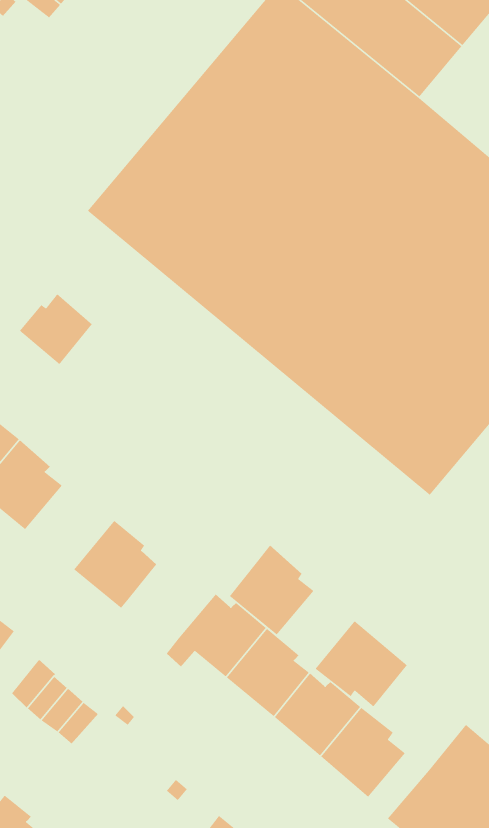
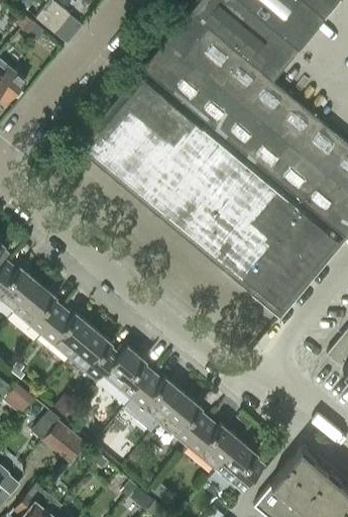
building: [19,293,93,365] -> none
building: none -> [41,309,94,358]
building: [229,545,314,636] -> [103,345,153,399]
building: [315,620,408,708] -> none

